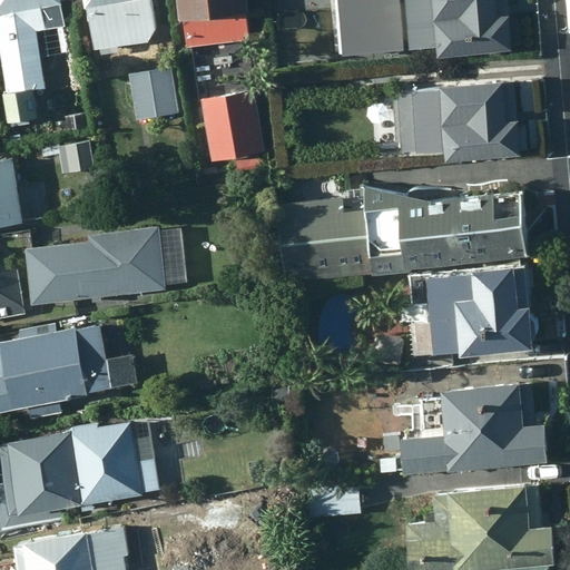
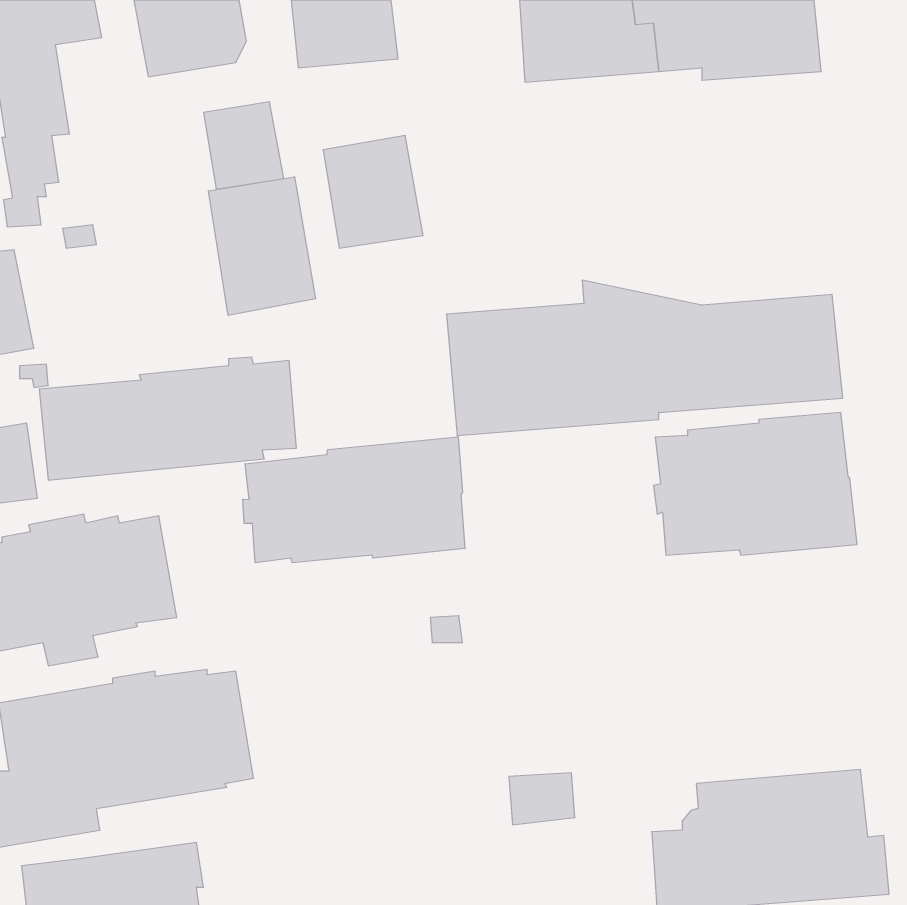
building: [401,79,520,160] -> none
building: none -> [208,177,315,315]
building: none -> [243,437,465,563]
building: [402,384,546,472] -> none

